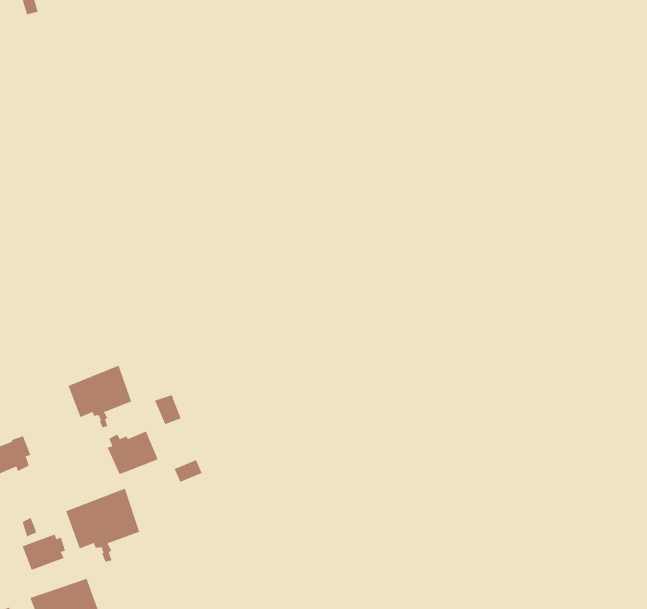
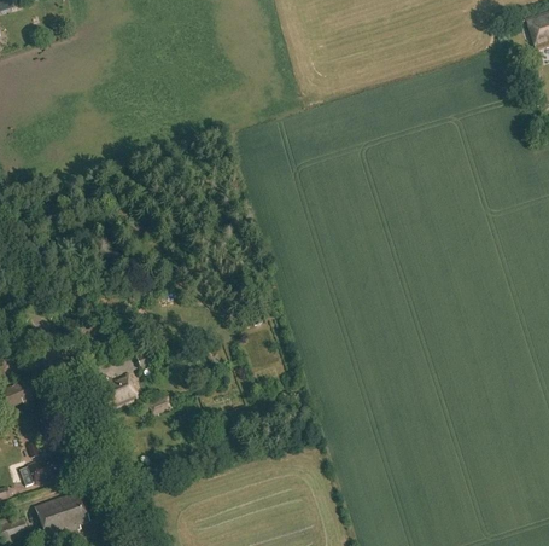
building: [68,365,132,428] -> none
building: [66,488,140,562] -> none

